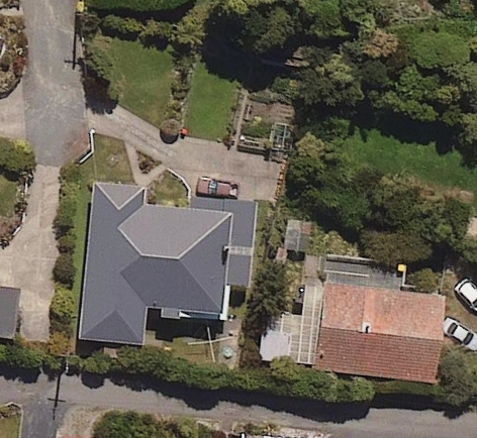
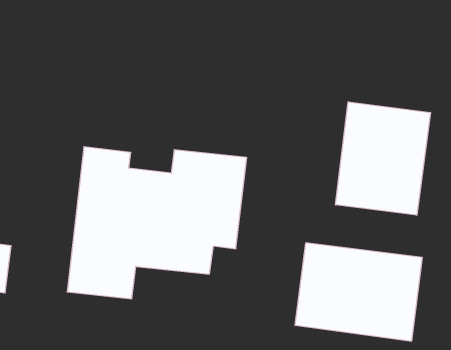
building: none -> [336,102,430,215]

